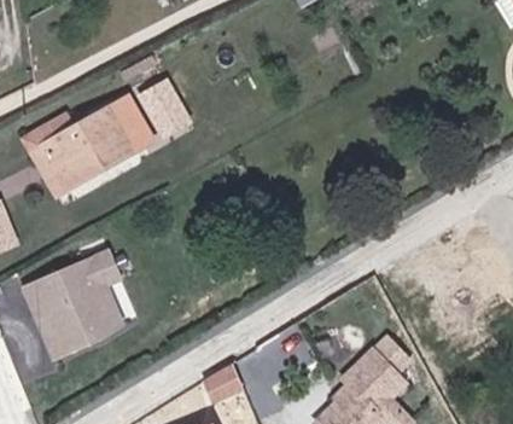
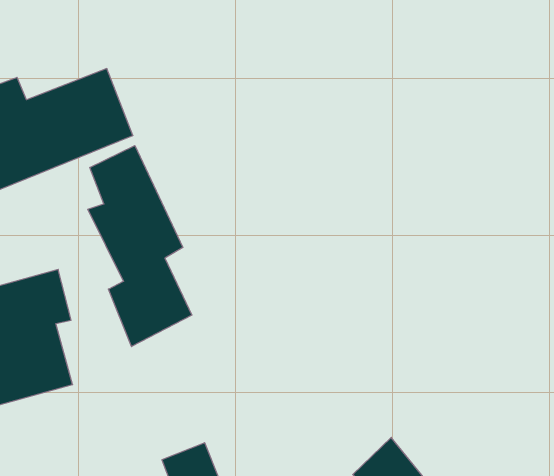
building: [142,77,193,138] -> none
building: none -> [88,146,192,347]

